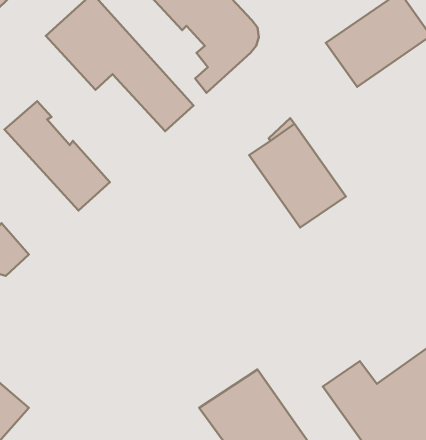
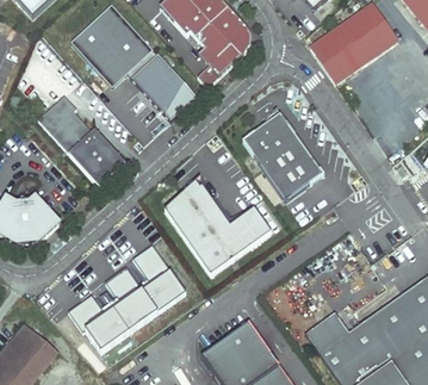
building: none -> [163,185,271,274]
building: none -> [67,243,185,350]

